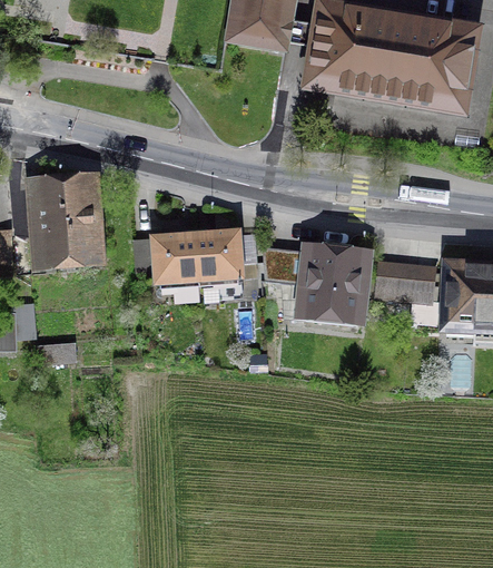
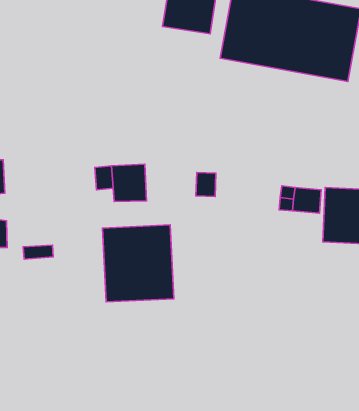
building: [26,175,106,271] -> none
building: [199,228,245,280] -> none
building: [290,237,368,323] -> none
building: none -> [102,225,174,302]

